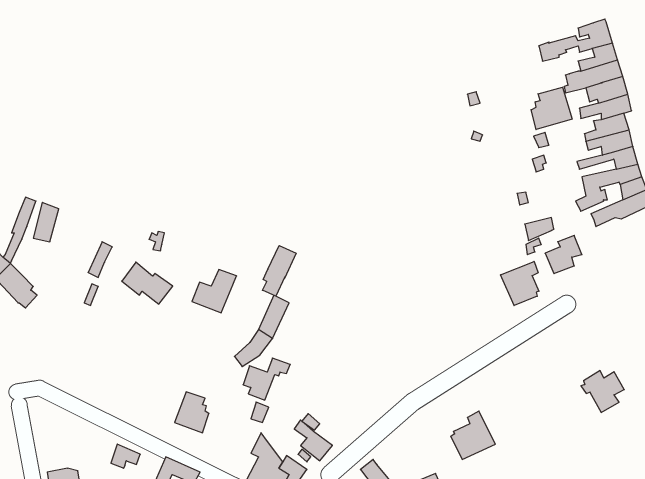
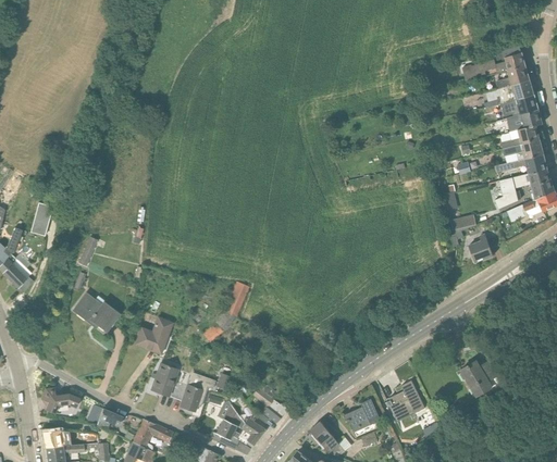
building: [531,87,572,130] -> none
building: [262,246,296,296] -> none
building: [501,261,539,306] -> none
building: [122,262,173,304] -> [74,295,117,330]
building: [192,270,237,313] -> [135,317,173,354]
building: [243,358,290,400] -> [175,376,215,412]
building: [581,371,624,412] -> [459,361,496,397]
building: none -> [41,388,79,414]
building: none -> [345,399,381,430]

